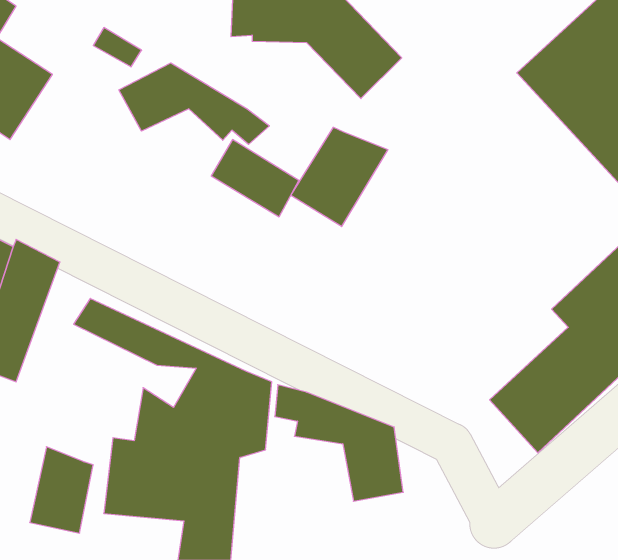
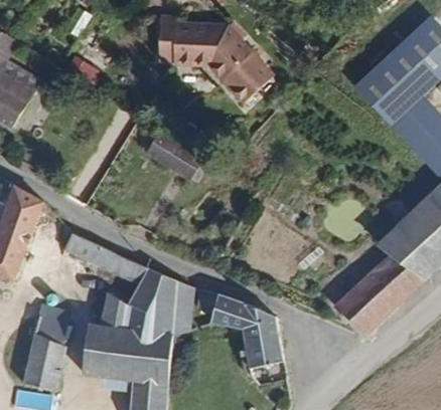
building: [119,63,269,144] -> none
building: [291,127,388,227] -> none
building: none -> [38,301,72,342]

